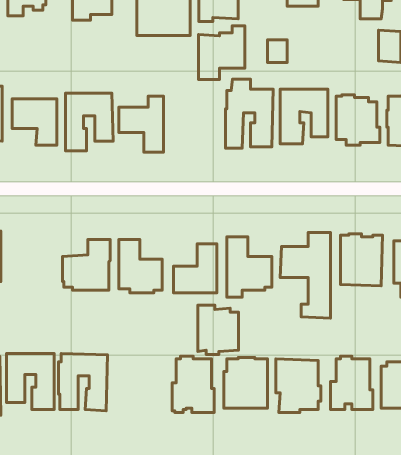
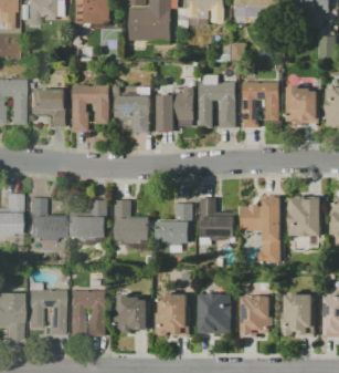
building: [199,26,245,79] -> [158,87,194,129]
building: none -> [29,198,64,240]
building: [198,305,239,354] -> [116,294,148,333]

